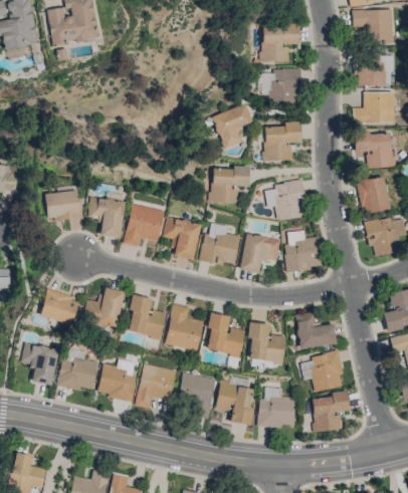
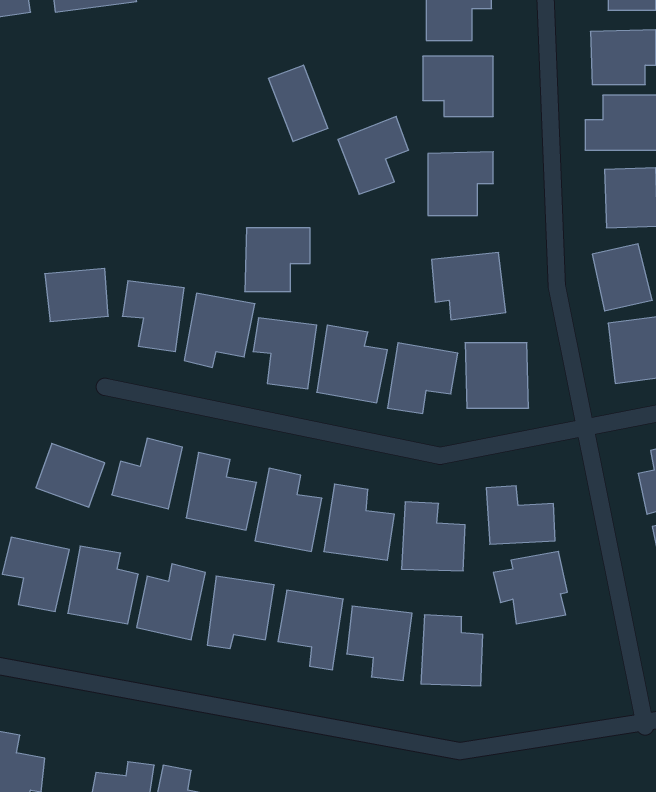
building: none -> [269,65,328,142]
building: [211,166,248,202] -> [245,228,310,292]
building: [311,392,350,432] -> none

